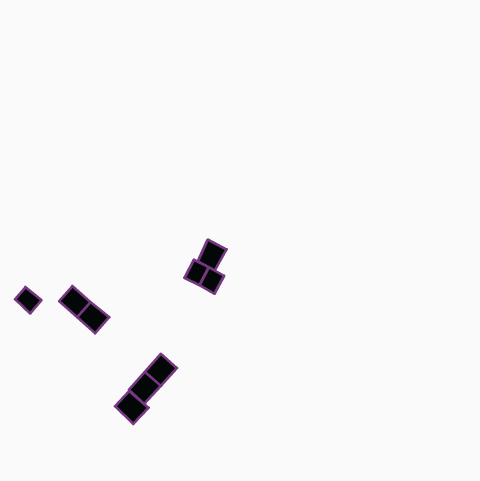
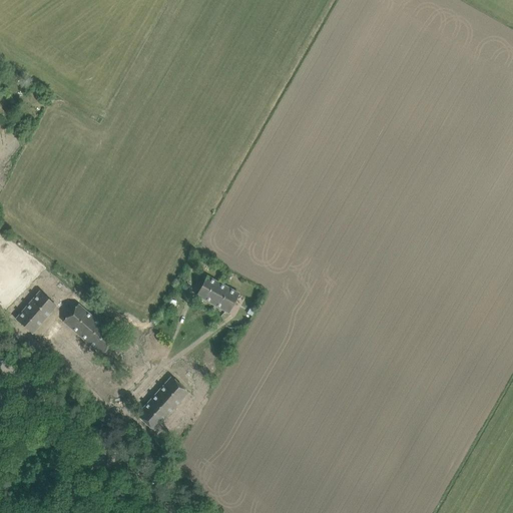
building: [198,240,227,270] -> none
building: none -> [28,293,56,320]
building: [115,391,149,424] -> none

